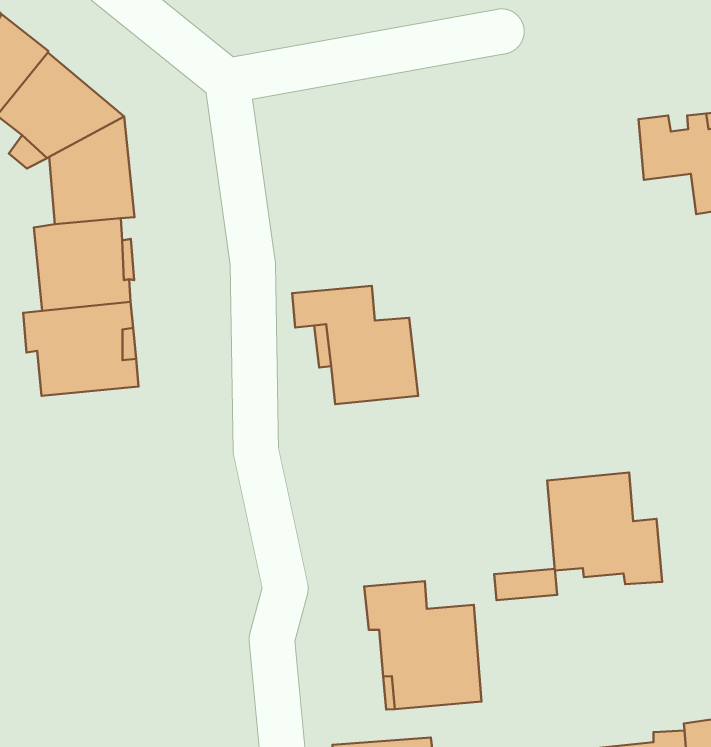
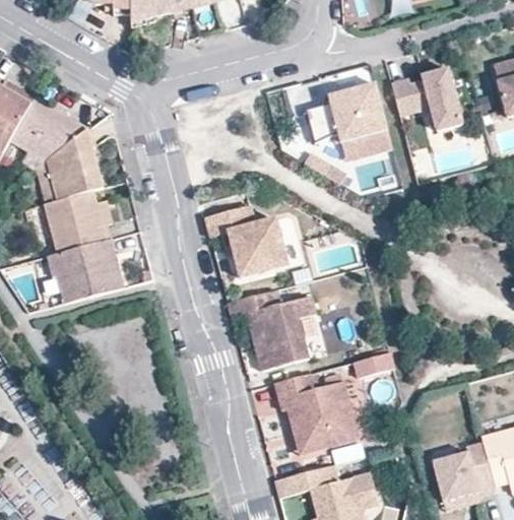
building: none -> [306,82,390,144]
building: none -> [228,286,317,369]
building: [547,472,662,584] -> none

